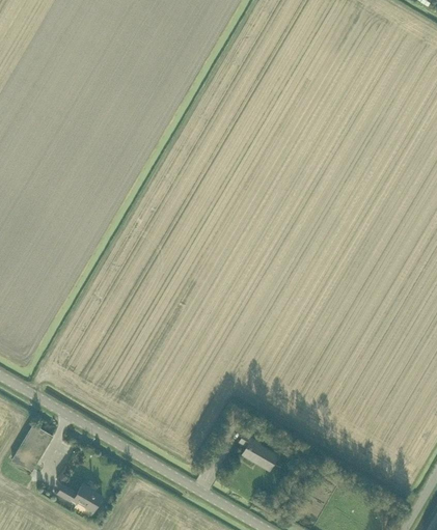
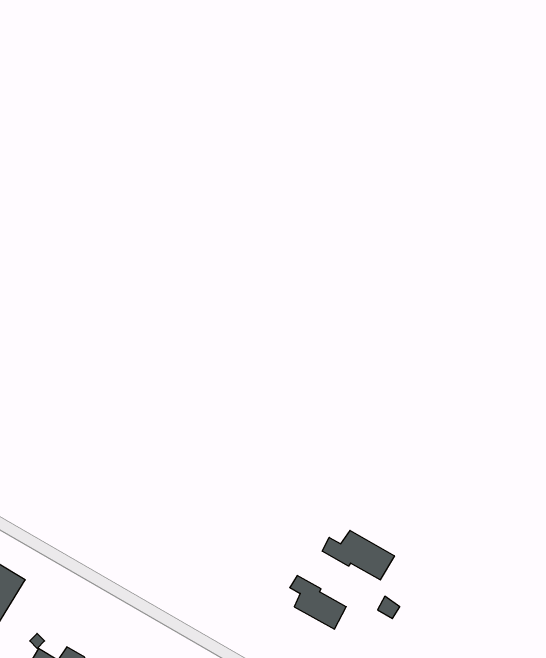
building: none -> [322,530,394,580]

